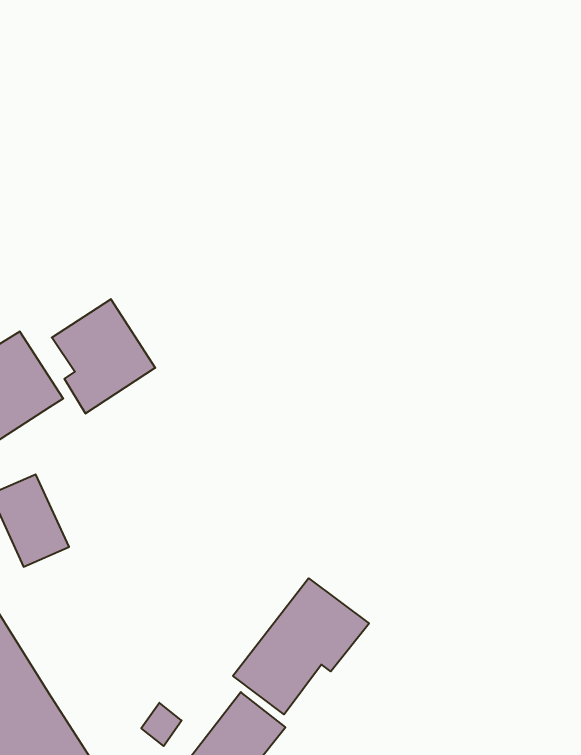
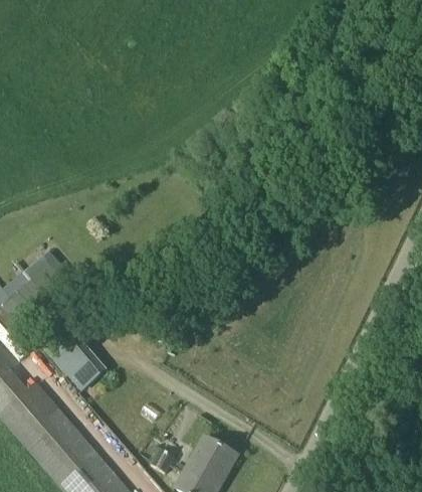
building: [52,299,155,414] -> none
building: [233,578,369,714] -> none

